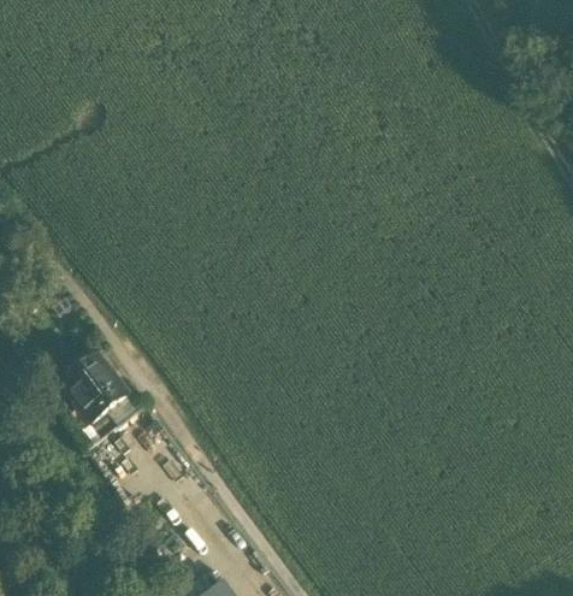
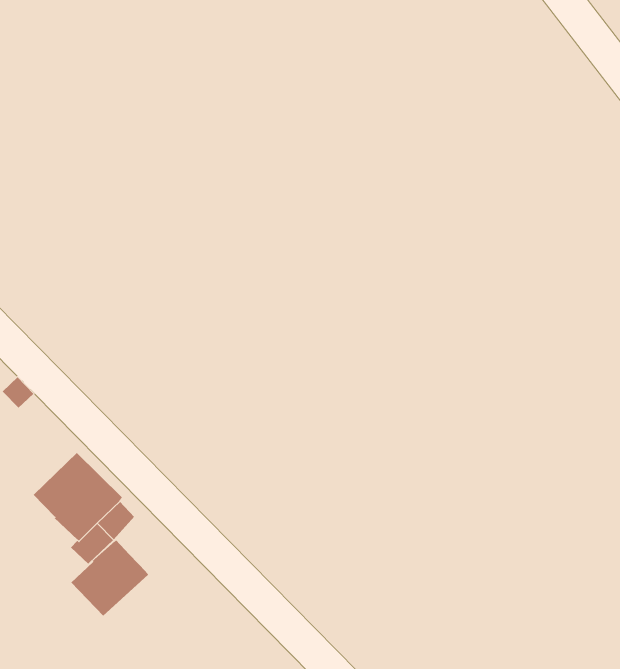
building: none -> [70,540,149,617]

